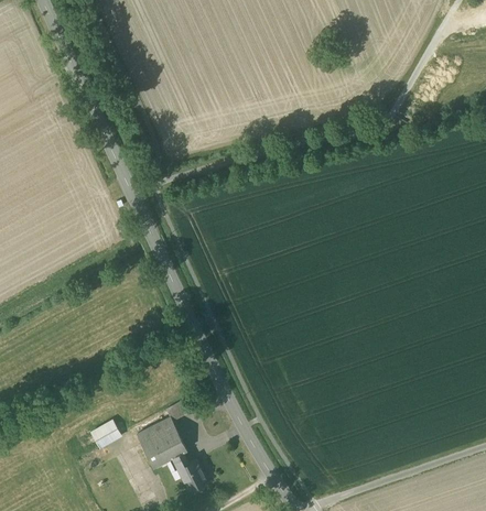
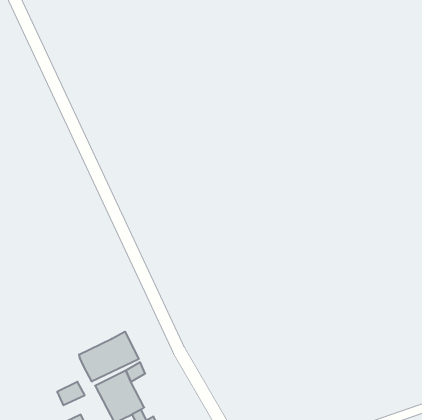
building: none -> [79,332,139,382]

